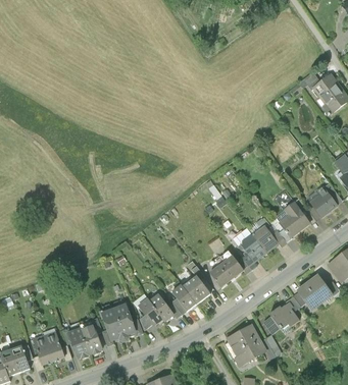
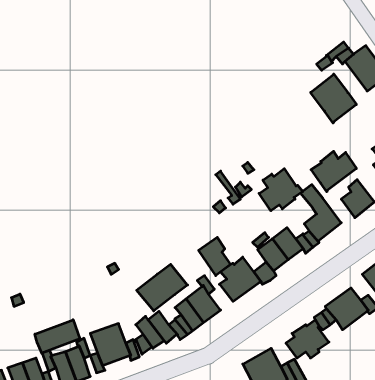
building: none -> [311,74,356,123]
building: none -> [311,151,356,192]
building: none -> [259,169,303,211]
building: none -> [199,237,231,276]
building: none -> [137,264,188,311]
building: none -> [35,320,80,353]

